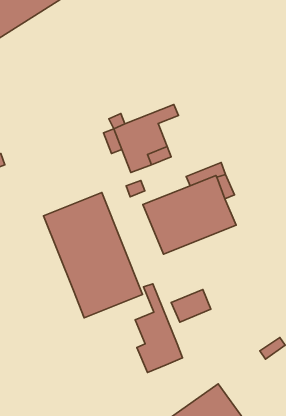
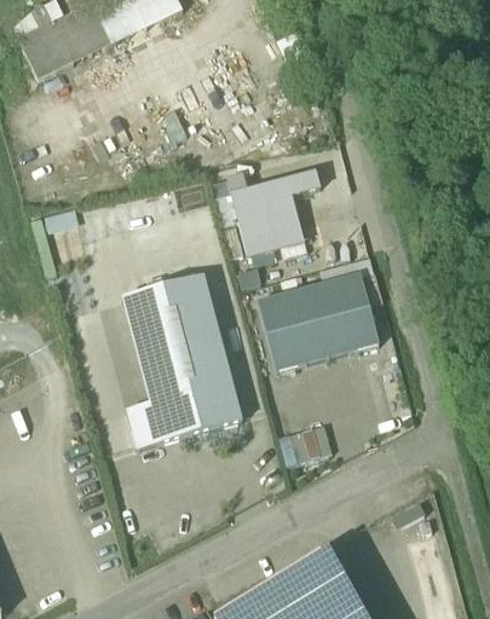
building: [135,284,183,373] -> none
building: none -> [126,403,158,447]

